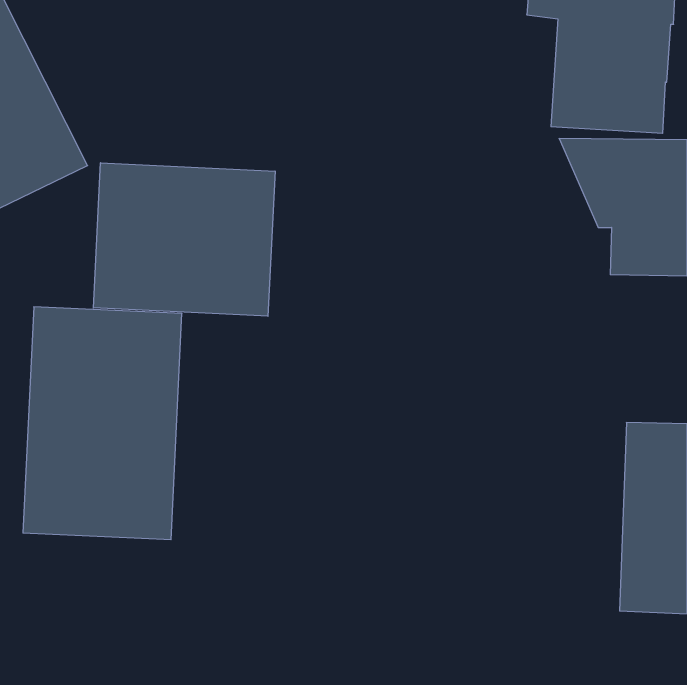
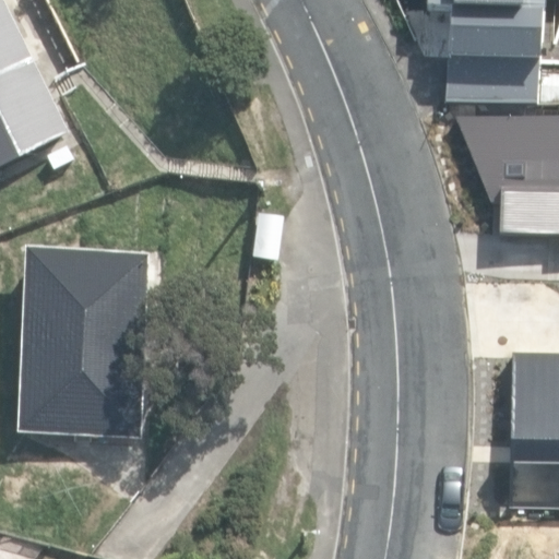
building: [93,163,275,316] -> none

